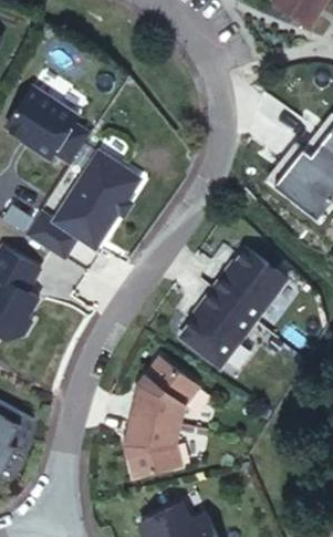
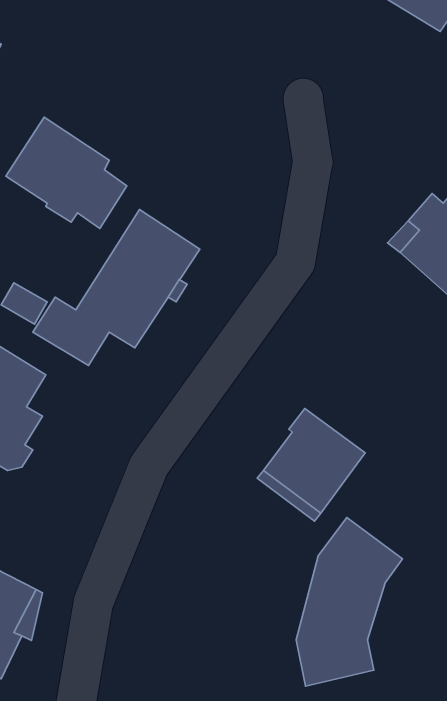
building: [214,249,287,320] -> none
building: [126,359,200,476] -> [296,518,403,686]

